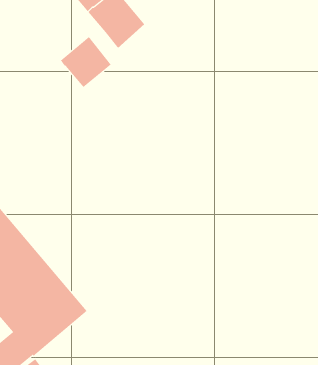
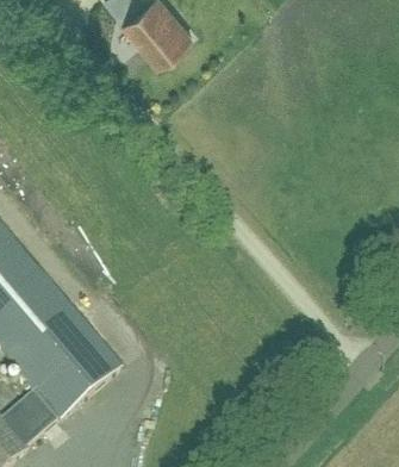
building: [60,36,111,88] -> none

